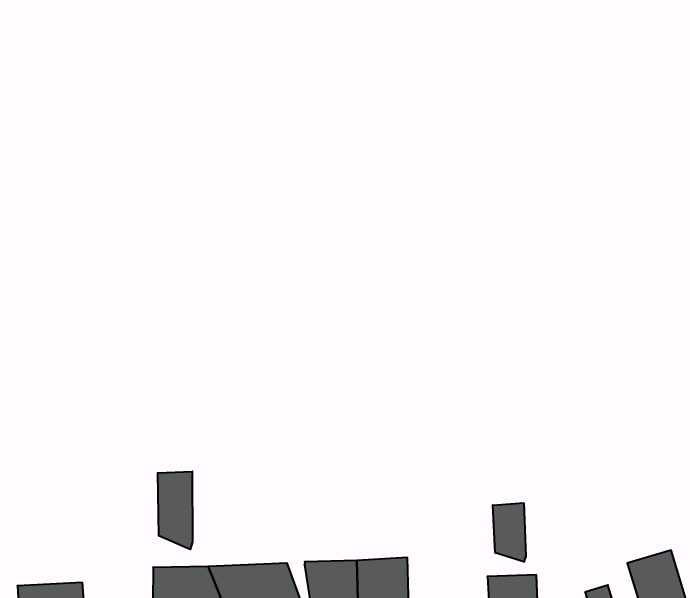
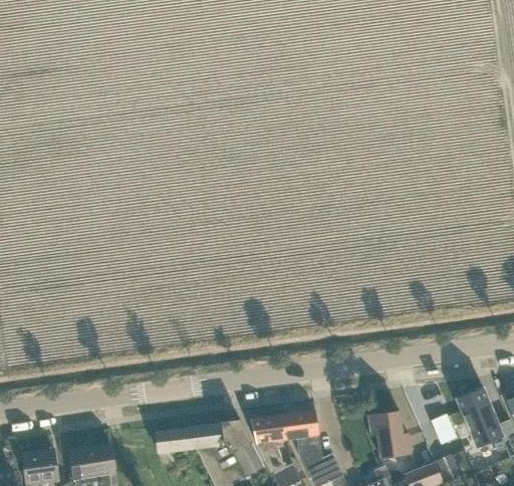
building: [158,471,193,549] -> none
building: [493,503,526,562] -> none

